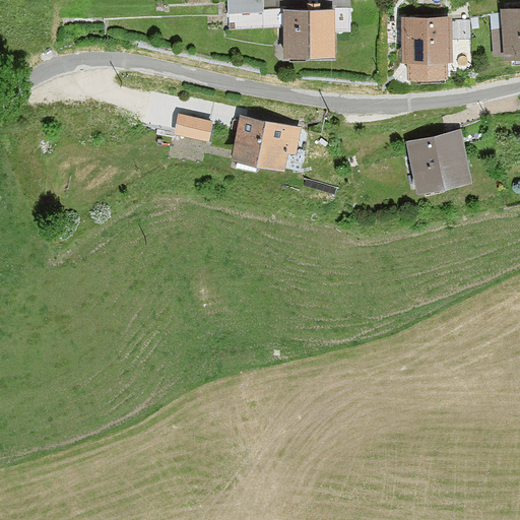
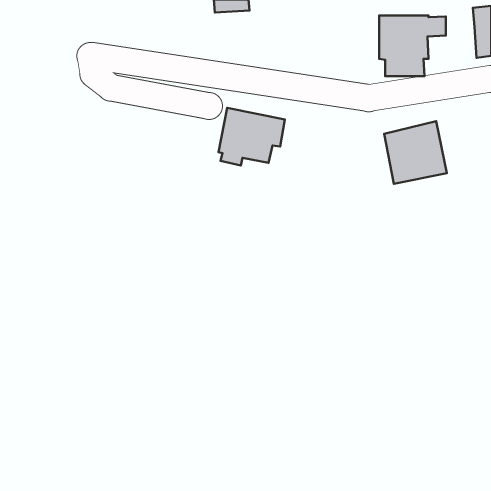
building: [282,9,334,59] -> none
building: [173,113,213,141] -> none

